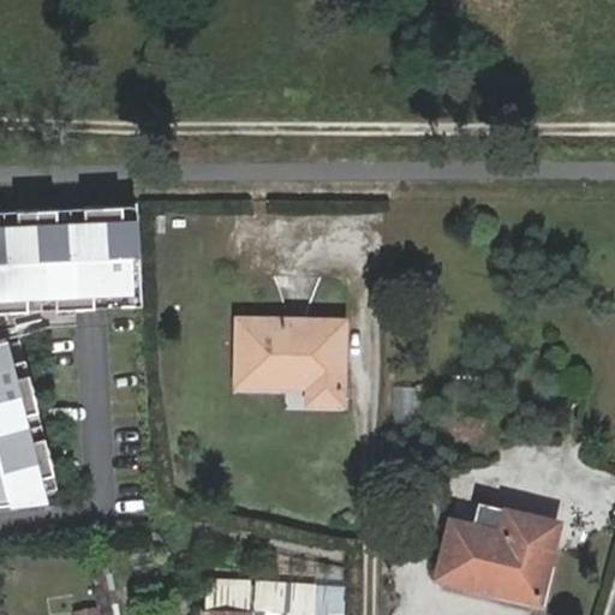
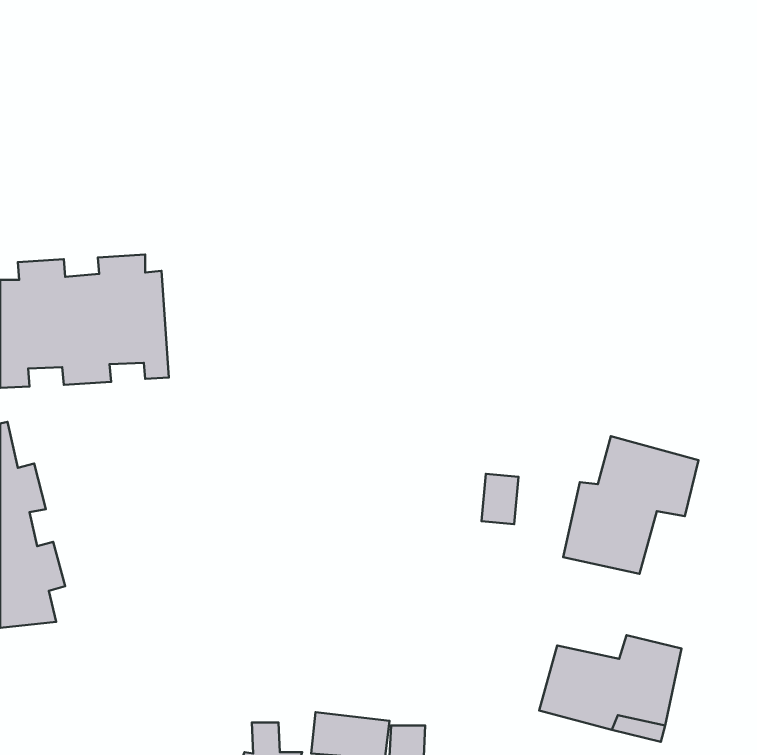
building: [234,321,340,404] -> none
building: none -> [563,436,699,574]

